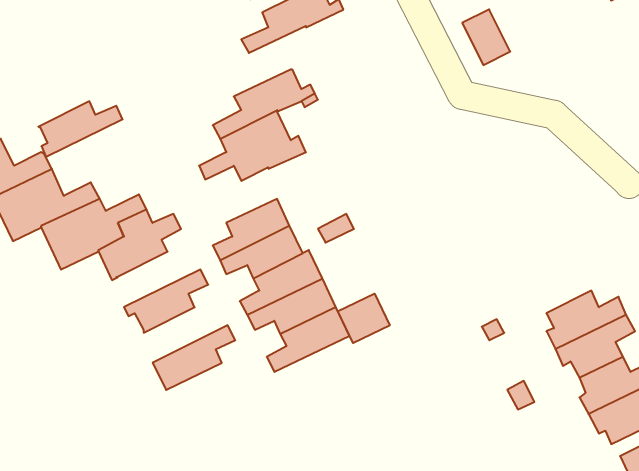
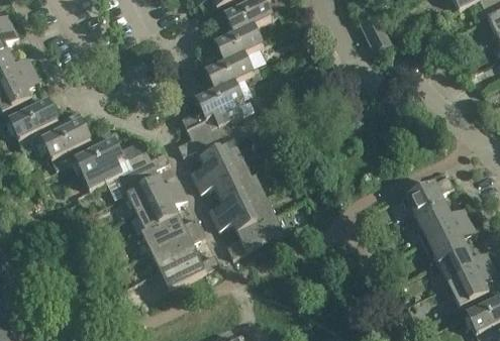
building: none -> [200,25,270,73]
building: [38,101,123,157] -> [126,177,183,214]
building: none -> [177,119,237,157]
building: none -> [401,175,454,218]
building: [338,294,390,343] -> none
building: none -> [140,214,201,251]
building: none -> [160,251,219,289]

